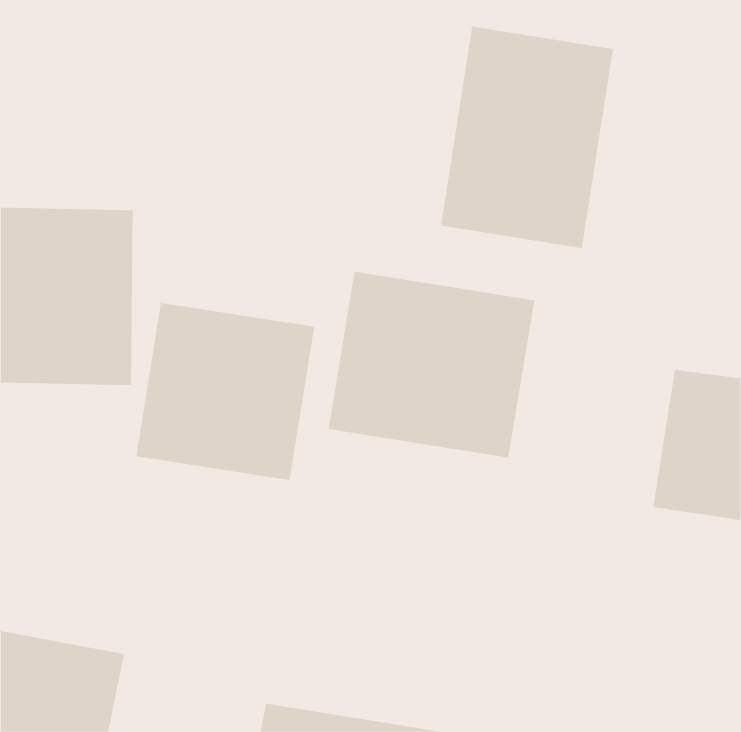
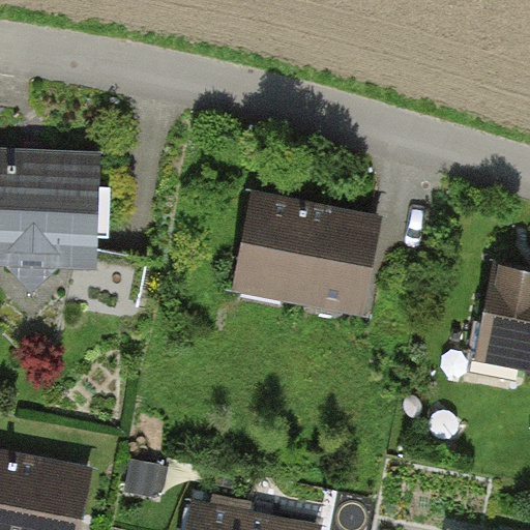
building: [440,26,613,249] -> none
building: [136,302,315,481] -> none

